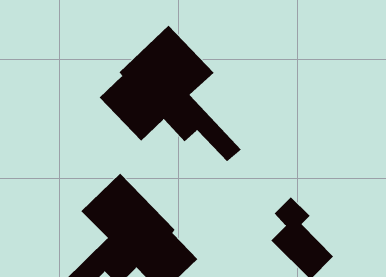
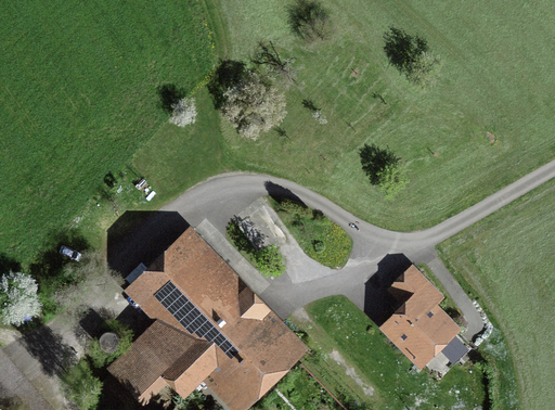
building: [99,25,242,162] -> none

